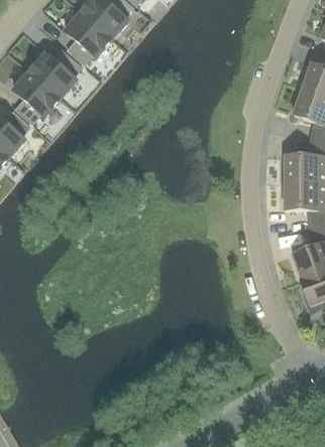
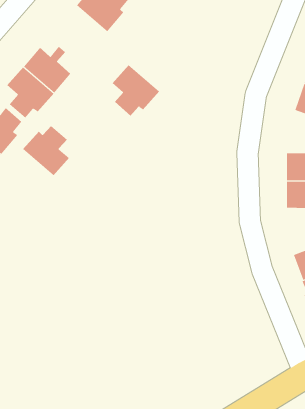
building: [66,12,112,62] -> [112,64,160,116]
building: none -> [22,125,70,176]

